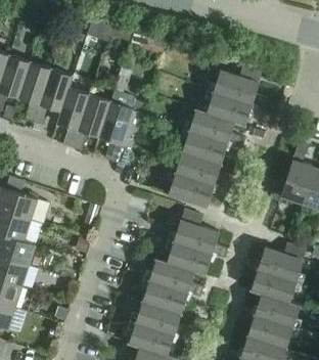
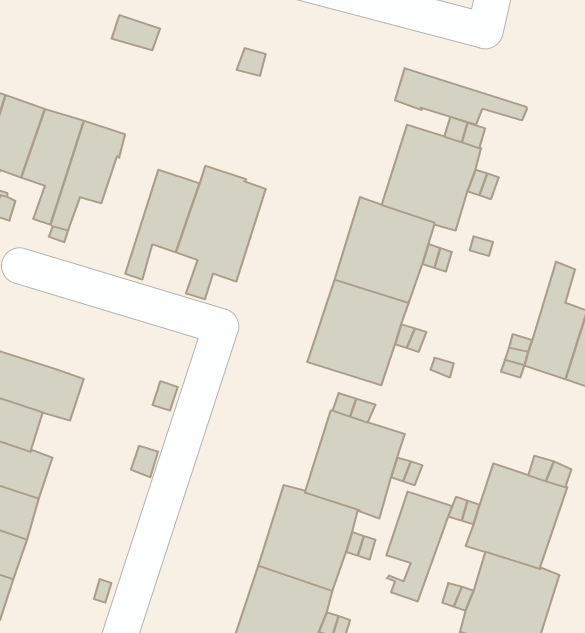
building: none -> [395,68,527,125]
building: [56,87,90,148] -> none
building: none -> [386,491,452,602]

